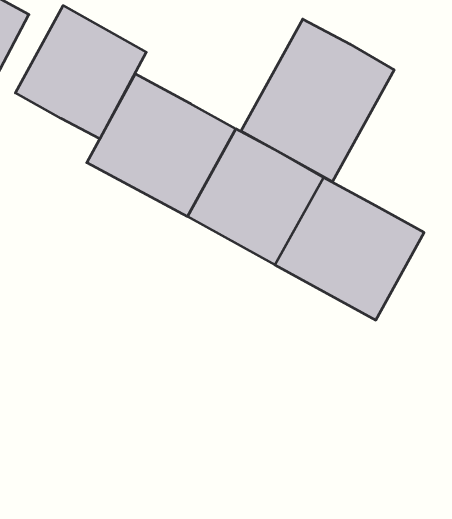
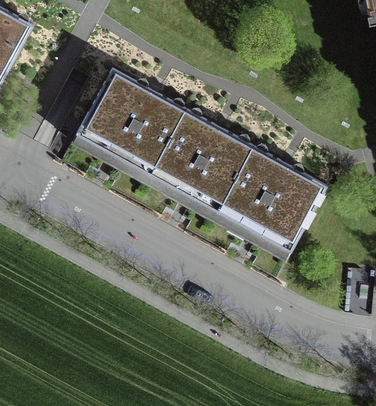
building: [15,6,146,139] -> none
building: [241,19,394,181] -> none

